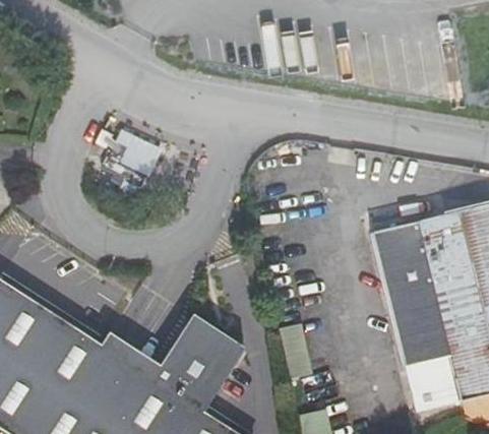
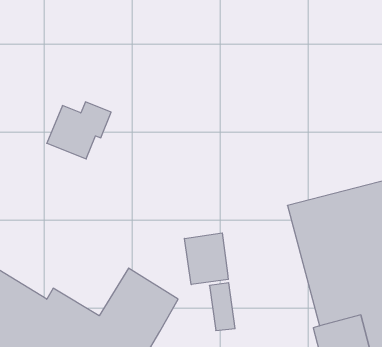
building: none -> [184,233,228,285]

